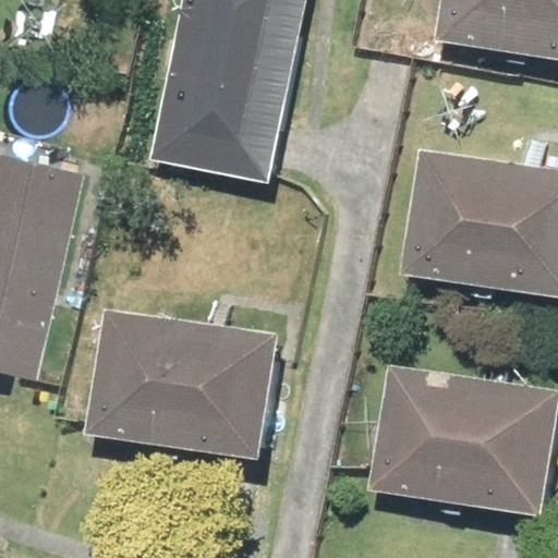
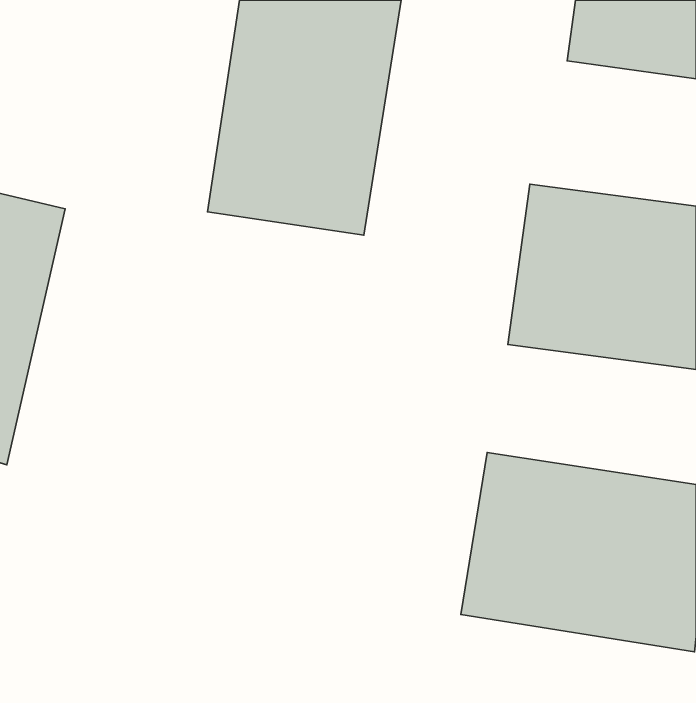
building: [86,302,281,461] -> none

